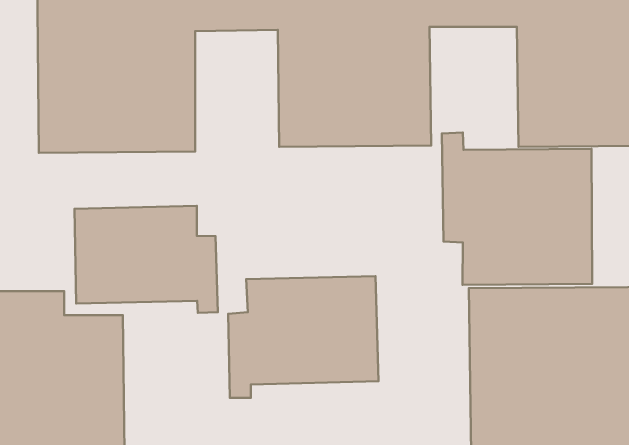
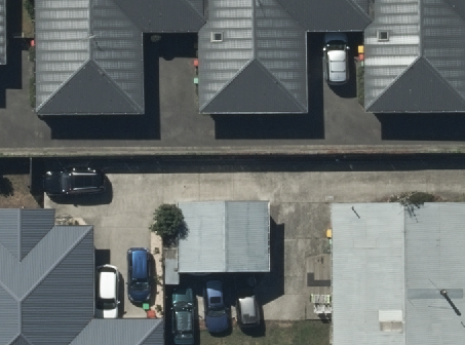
building: [442,133,592,285] -> none
building: [74,206,218,313] -> none

